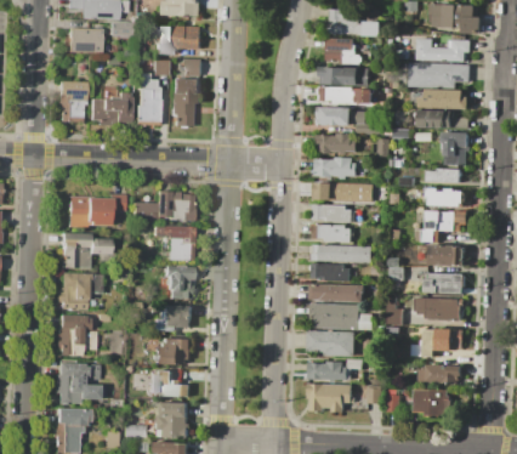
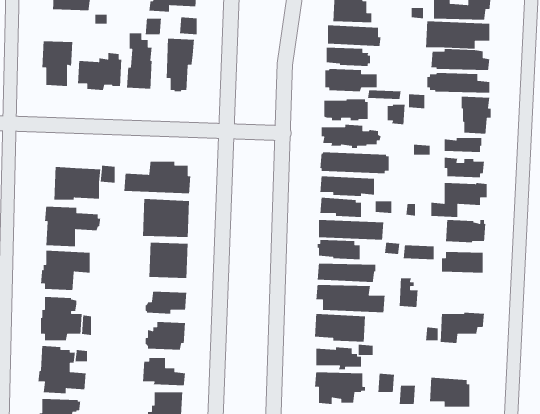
building: [415,297,465,320] -> none
building: [415,364,462,384] -> none

